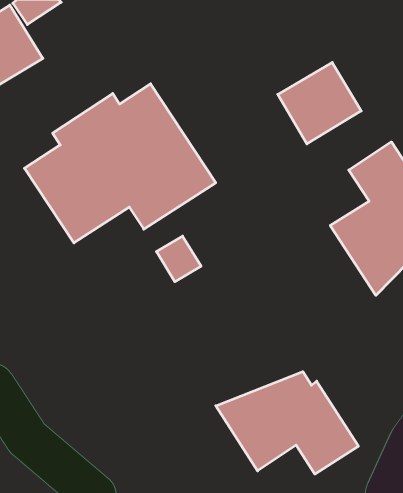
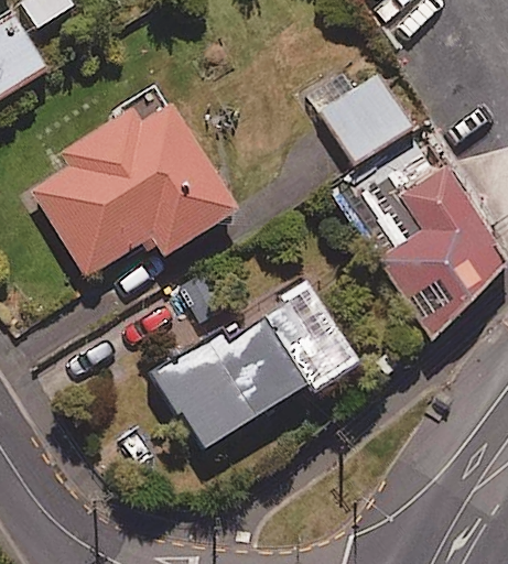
building: none -> [145,283,360,448]
building: [216,372,358,474] -> none

